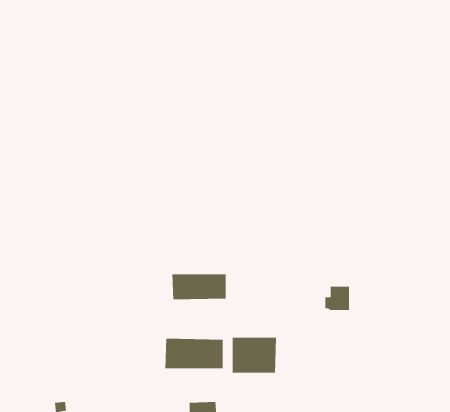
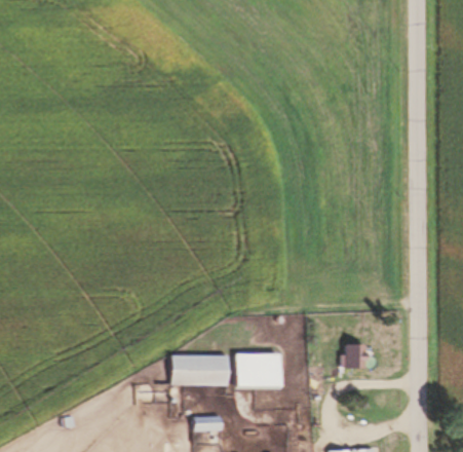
building: [172,274,226,300] -> none
building: [325,286,350,310] -> [341,344,365,368]

